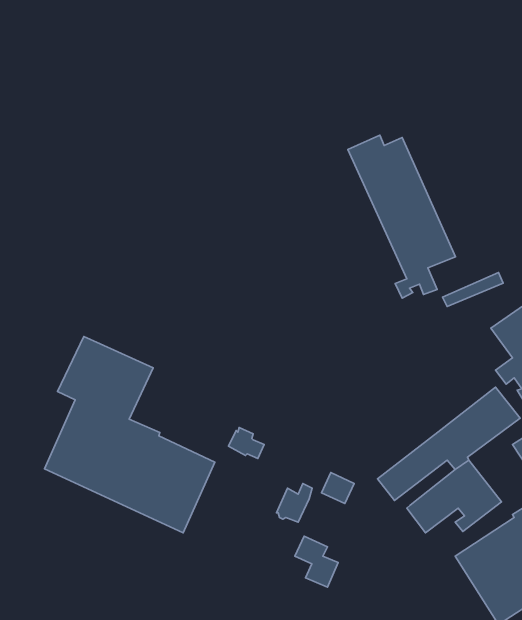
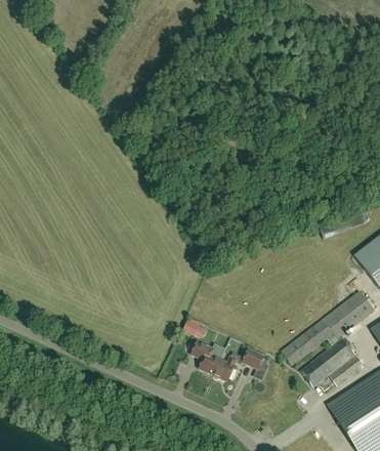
building: [348,135,455,298] -> none
building: [44,337,215,533] -> none
building: [295,536,338,587] -> [192,340,220,374]

